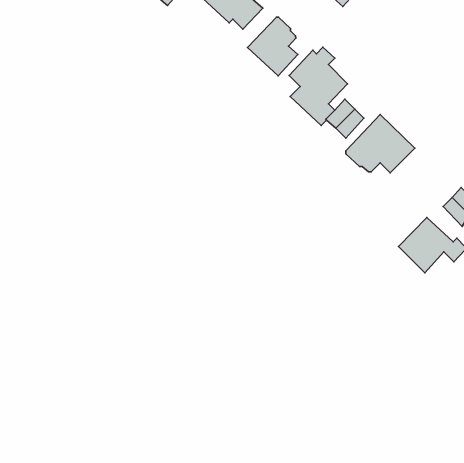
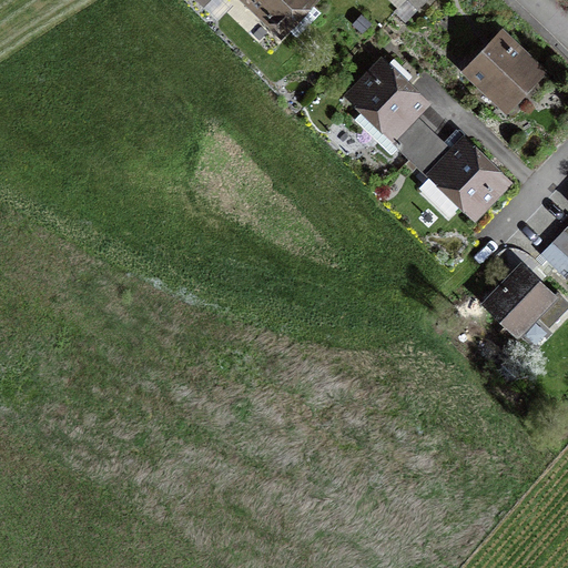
building: [248,17,298,76] -> none
building: none -> [469,33,538,102]

